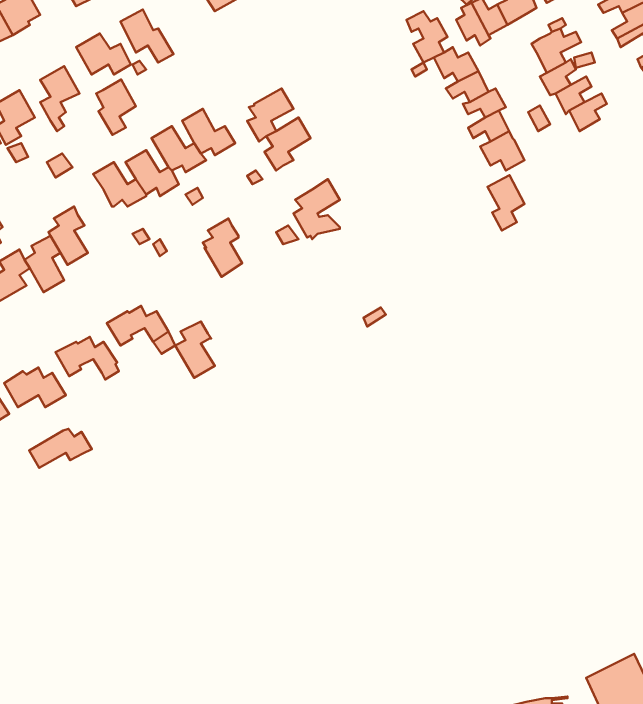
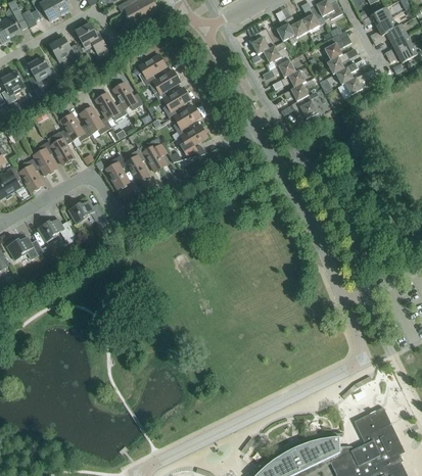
building: none -> [135,53,166,90]
building: [96,80,136,135] -> none
building: none -> [173,104,200,139]
building: [487,175,525,230] -> none
building: none -> [49,130,75,164]
building: none -> [143,137,167,171]
building: [175,321,215,378] -> [106,154,130,188]
building: [29,429,92,468] -> none

